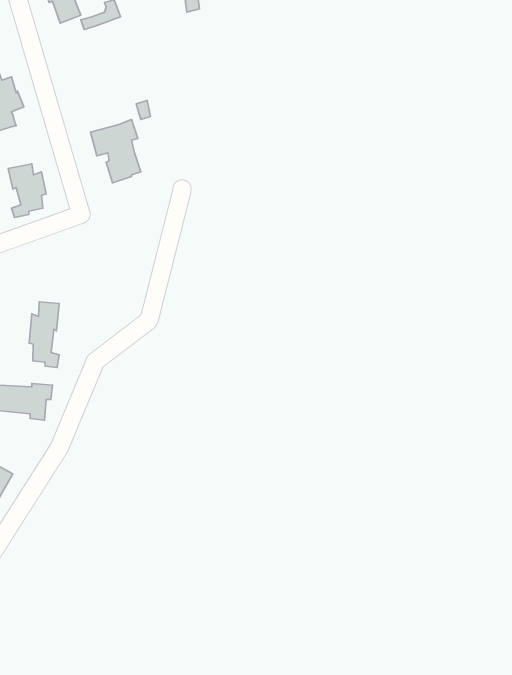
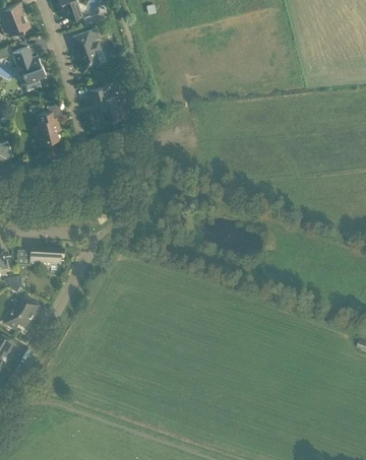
building: none -> [72,26,101,68]
building: [29,302,59,368] -> none

